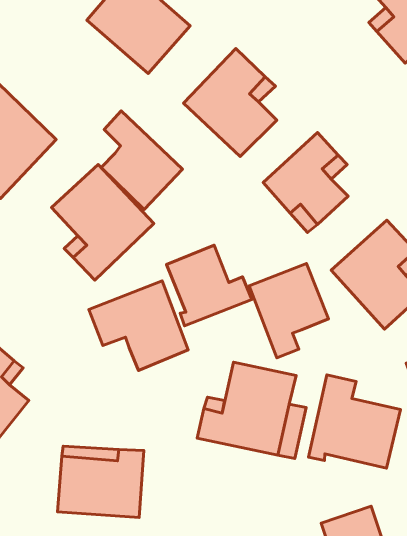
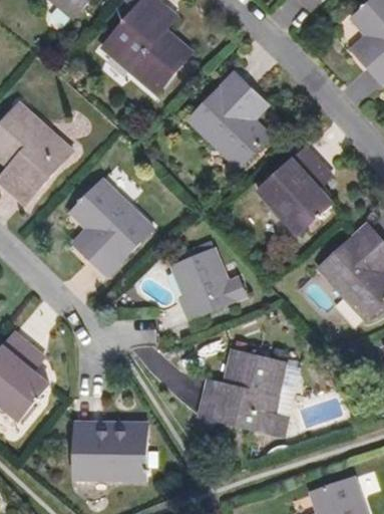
building: [101,111,183,209] -> none
building: [249,263,329,358] -> none
building: [89,281,188,370] -> none
building: [308,375,400,468] -> none

